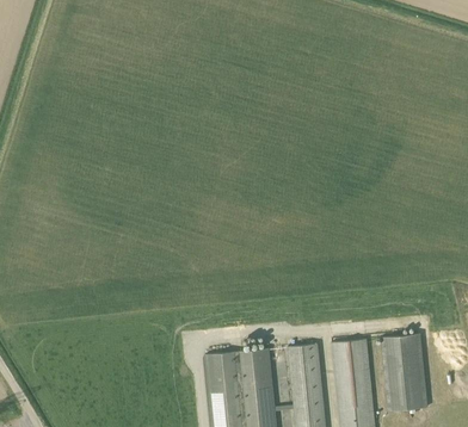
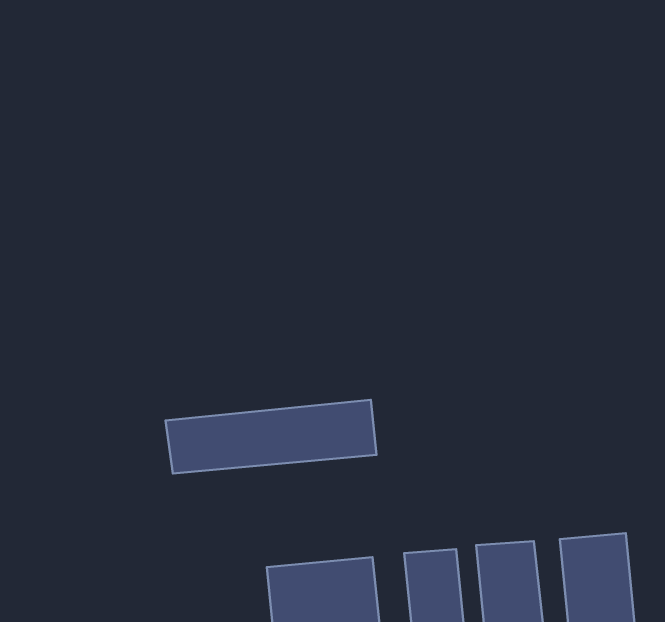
building: none -> [166,400,376,474]

